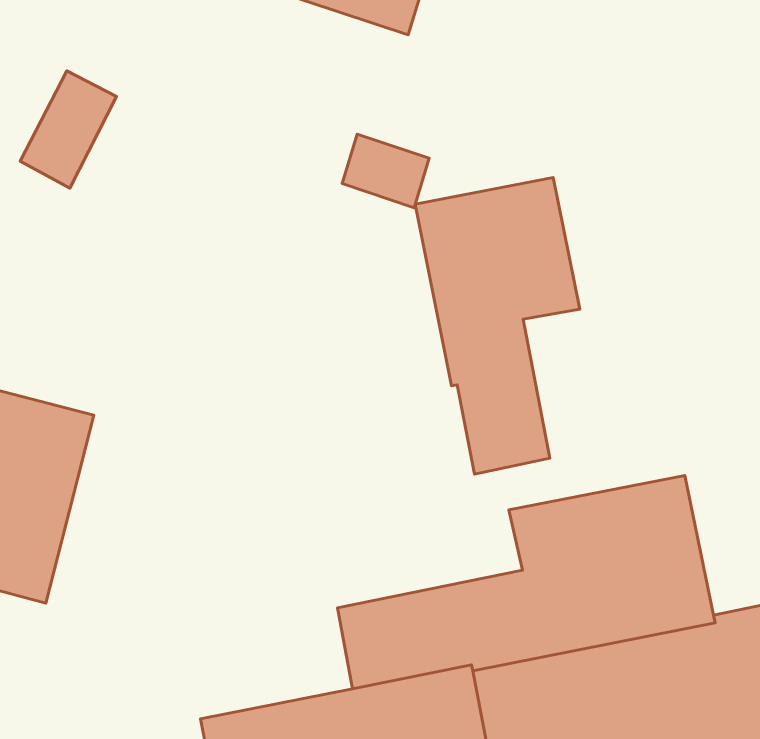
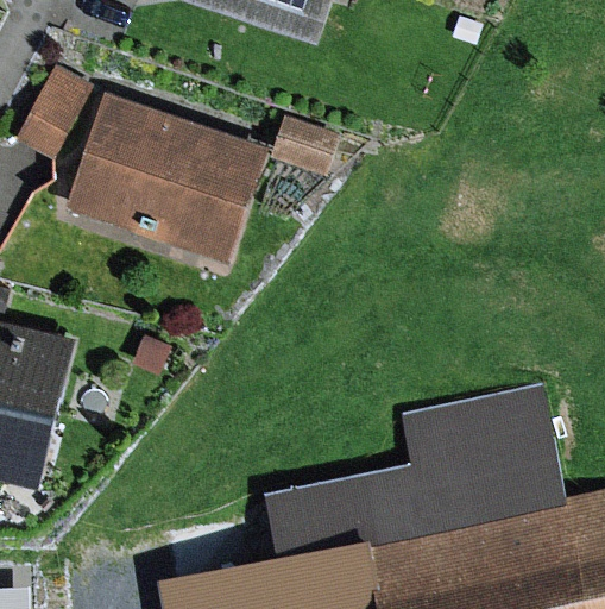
building: none -> [65,93,270,265]
building: [415,177,580,474] -> none

